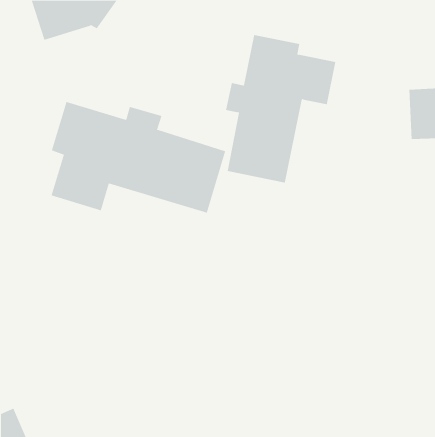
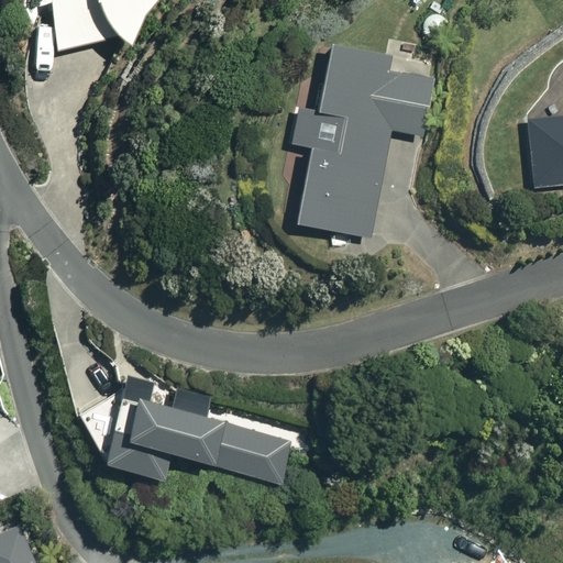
building: [51,101,226,214] -> none
building: none -> [101,373,292,483]

